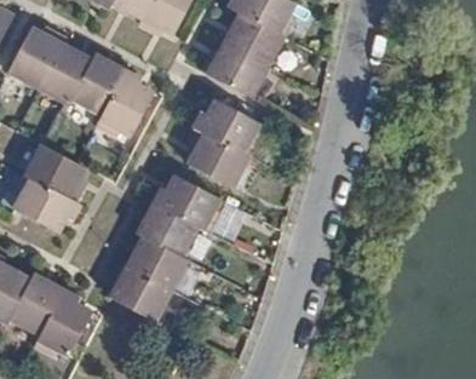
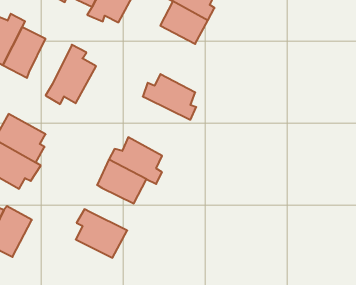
building: [202,36,268,92] -> none
building: [61,46,114,109] -> none
building: [194,127,262,189] -> none
building: [137,239,197,292] -> none
building: [34,278,96,349] -> none

